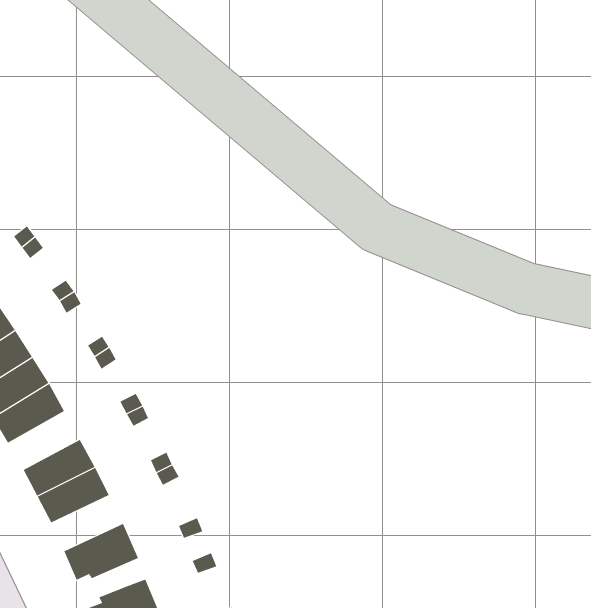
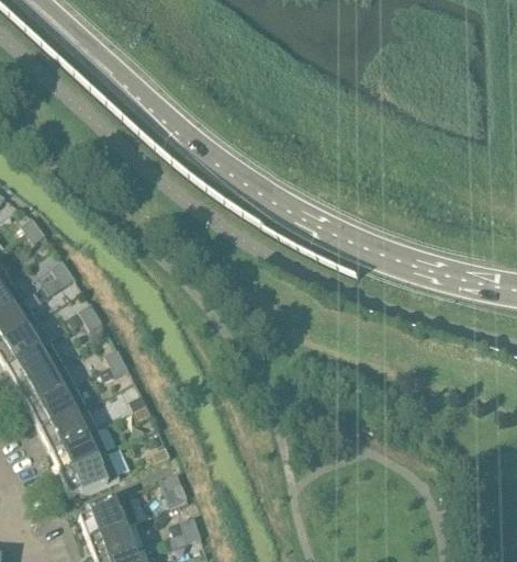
building: none -> [15,364,72,411]
building: none -> [49,430,106,474]

